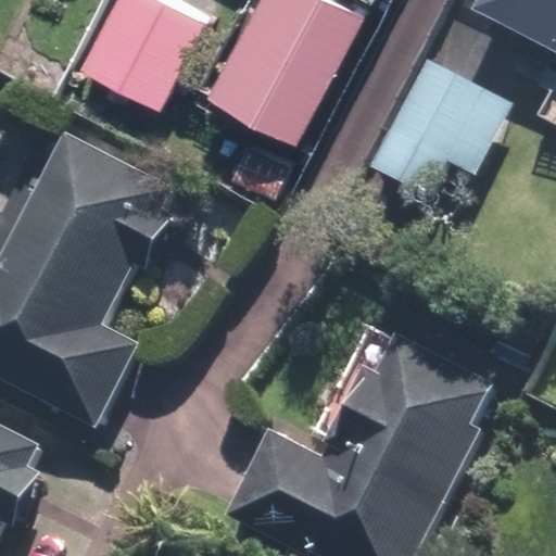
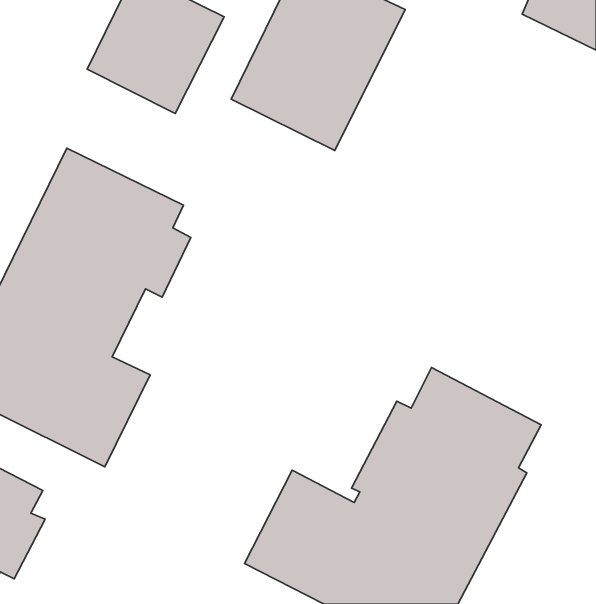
building: [367,58,510,201] -> none

